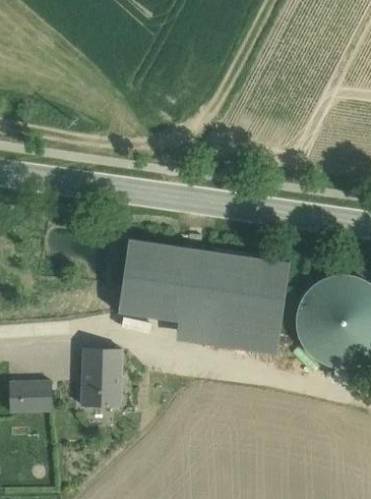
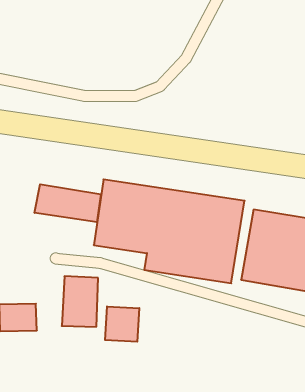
building: none -> [35,184,101,222]
building: none -> [105,306,139,342]

